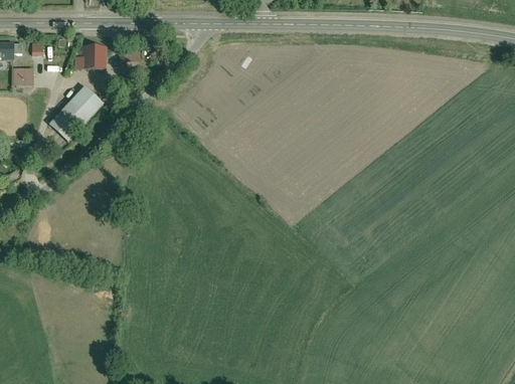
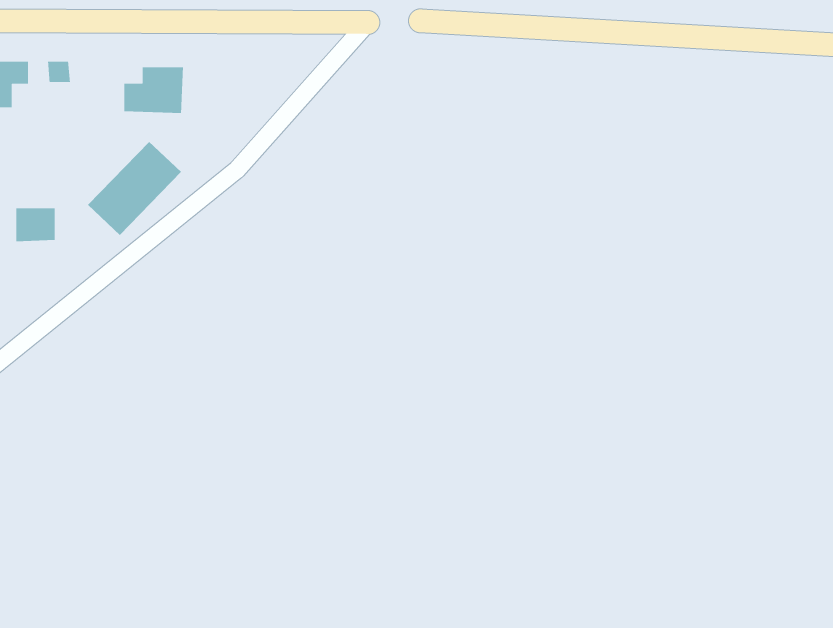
building: [10,69,32,88] -> [16,208,56,242]

